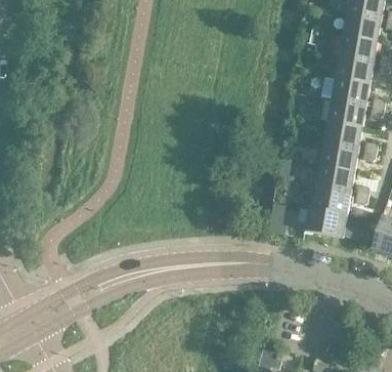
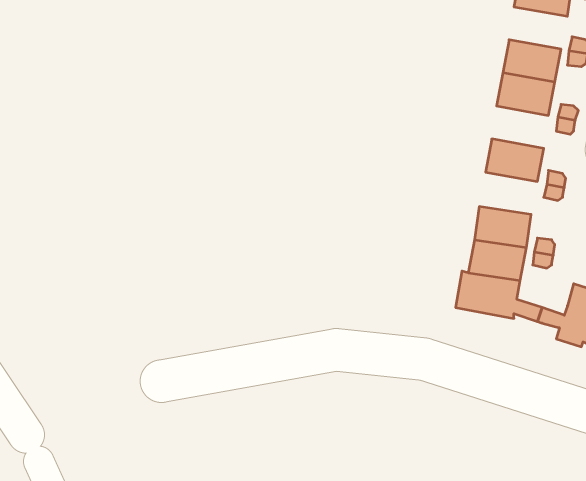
building: [338,34,376,61] -> none
building: [326,98,363,126] -> none
building: [318,141,356,169] -> none

